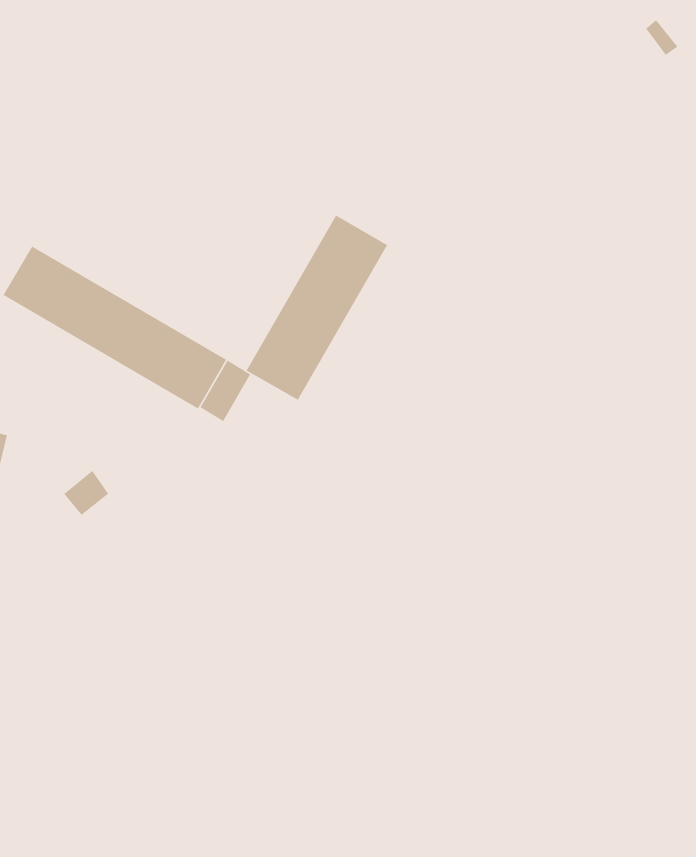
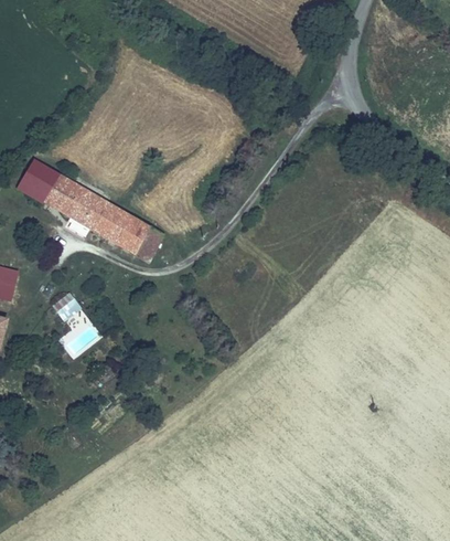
building: [246,215,388,401] -> none

